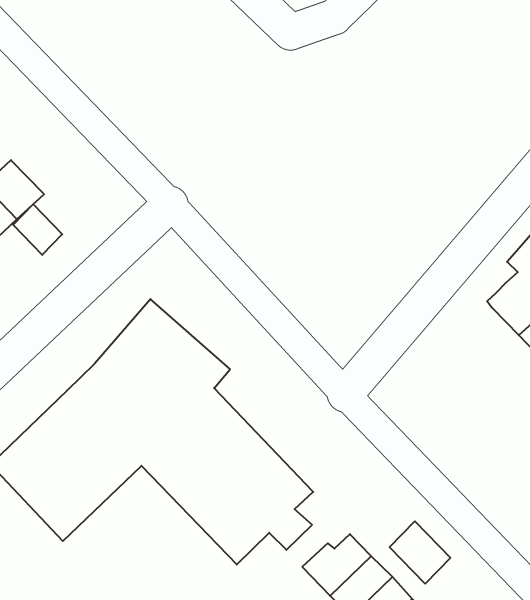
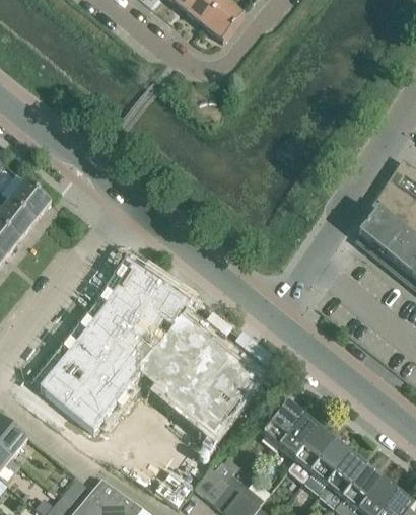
building: [13,204,62,255] -> none
building: [390,521,450,584] -> none

